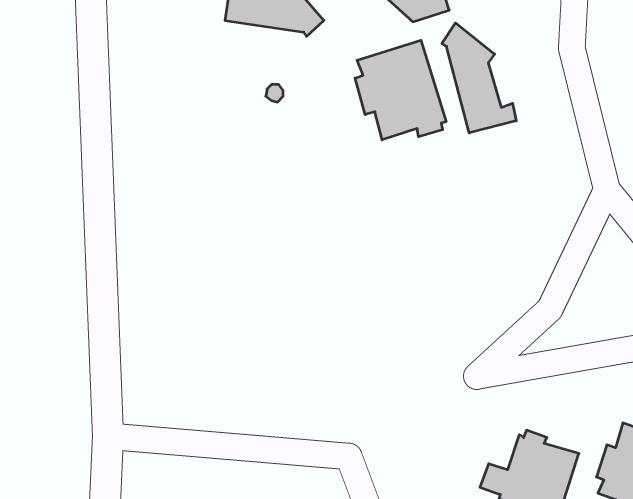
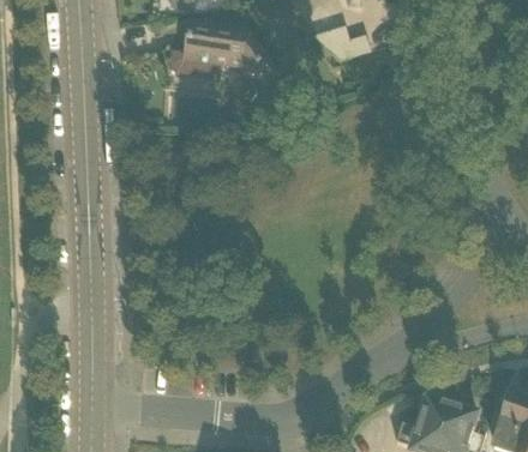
building: [442,23,516,133] -> none
building: [355,40,446,140] -> none

